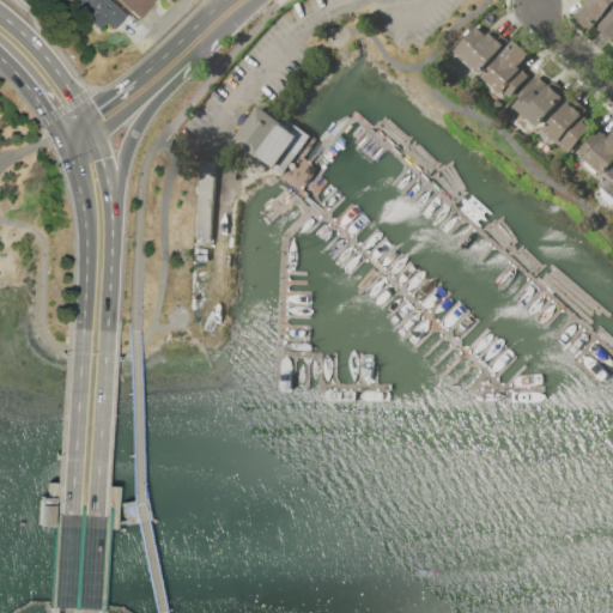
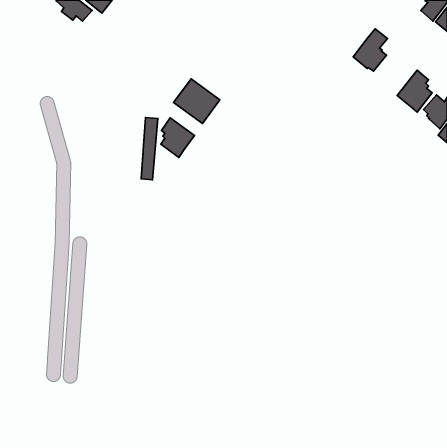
building: [454,25,508,73] -> none
building: [512,75,566,127] -> none
building: none -> [161,118,194,157]

